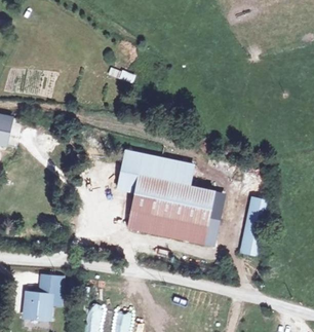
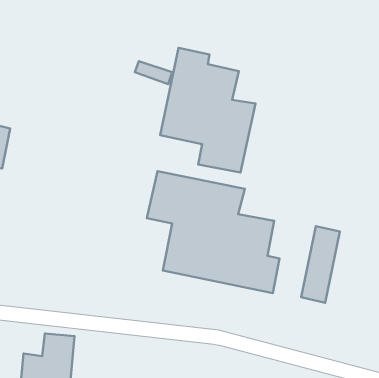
building: none -> [160,48,256,173]

